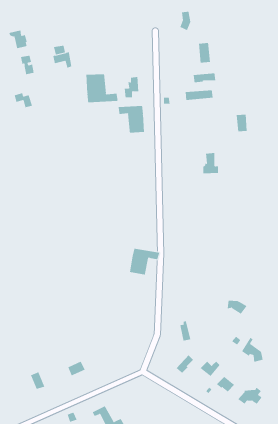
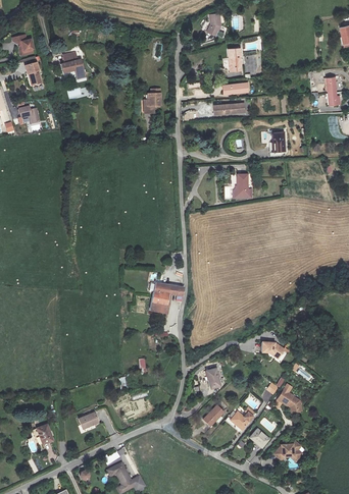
building: [86,73,118,103] -> none
building: [118,105,144,133] -> none

